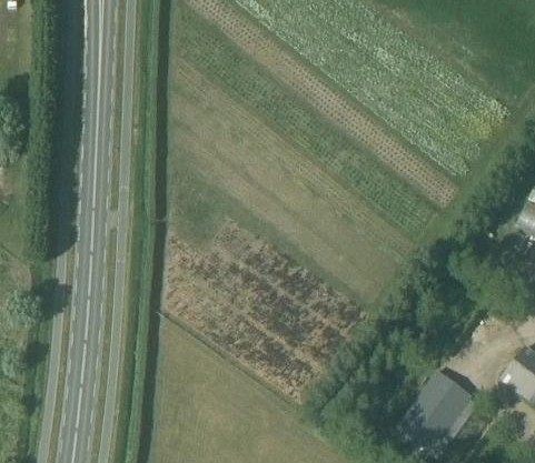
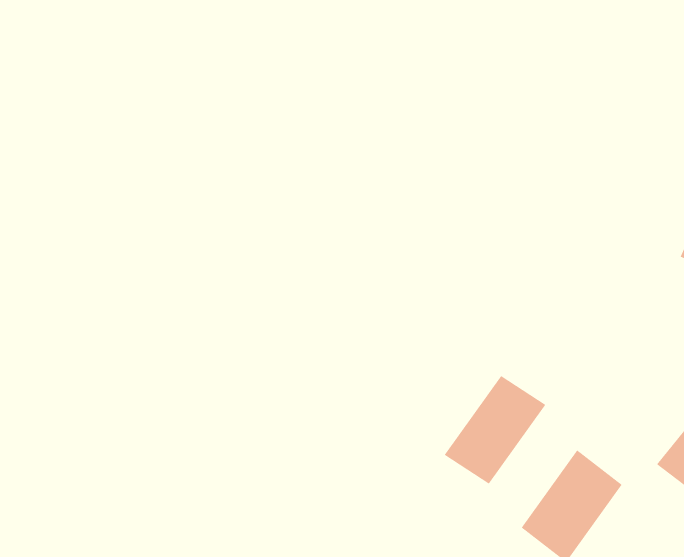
building: none -> [444,375,546,485]

